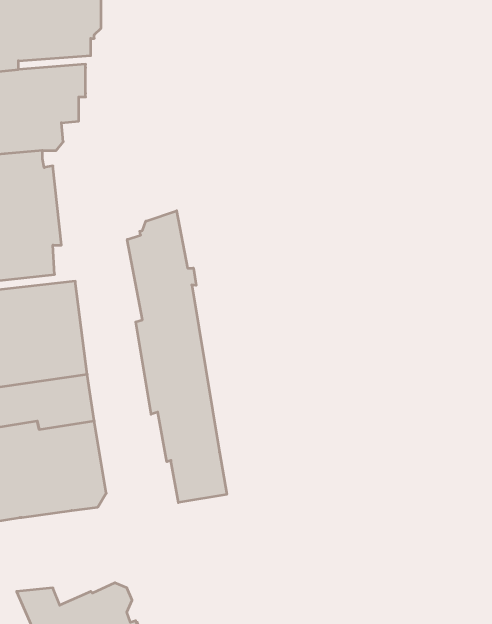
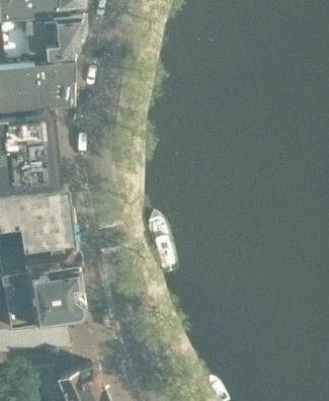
building: [127,211,227,503] -> none

